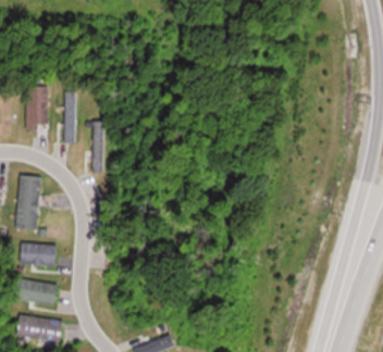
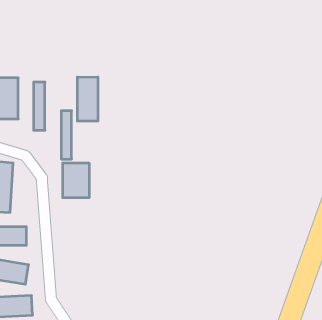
building: none -> [77,77,98,121]
building: none -> [63,163,89,198]

